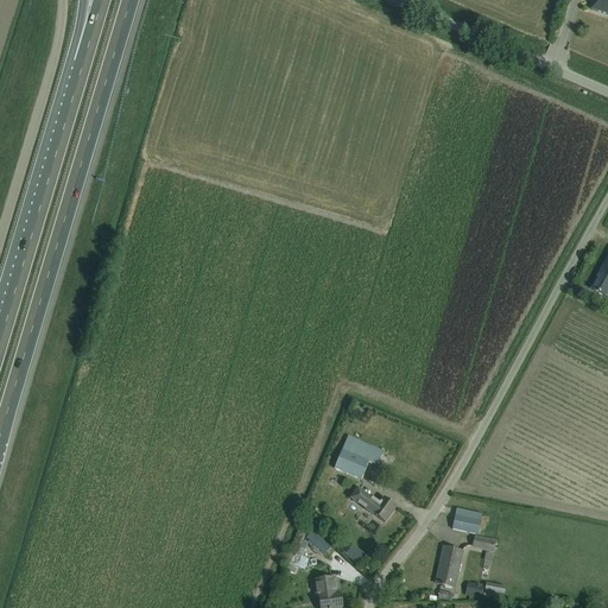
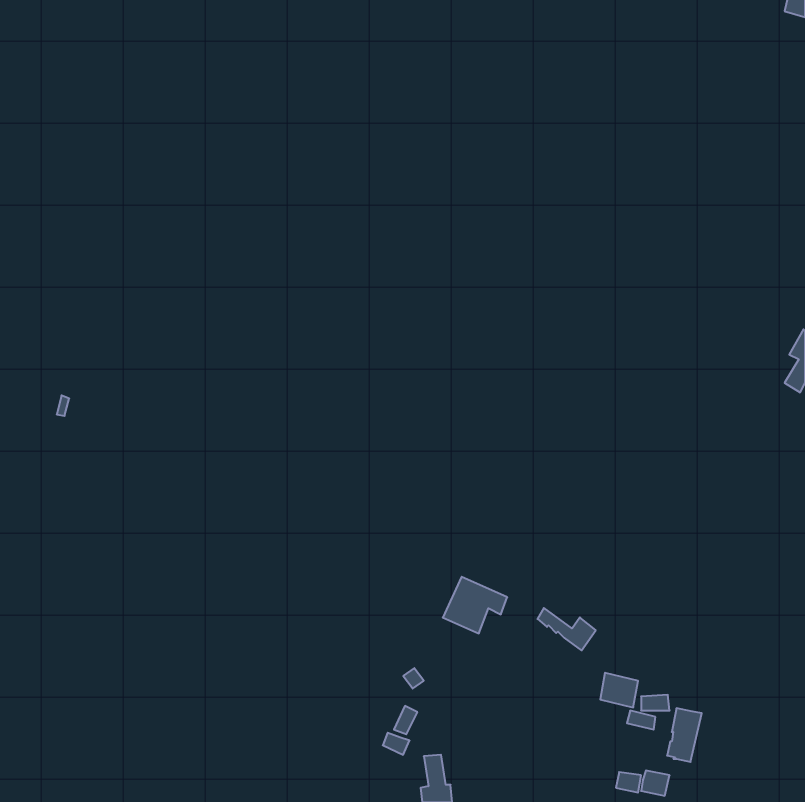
building: [352,489,395,521] -> [537,608,596,650]
building: [436,546,462,587] -> [667,708,702,762]

